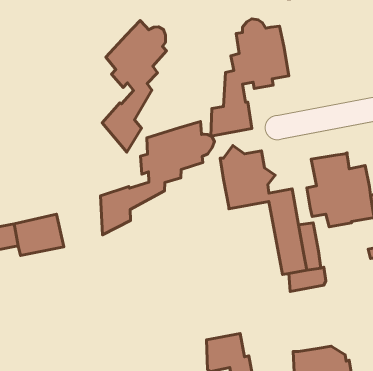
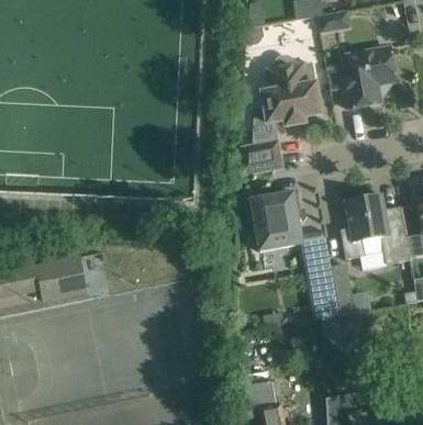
building: none -> [339,46,396,108]
building: [102,20,166,152] -> none
building: [101,122,214,235] -> none

